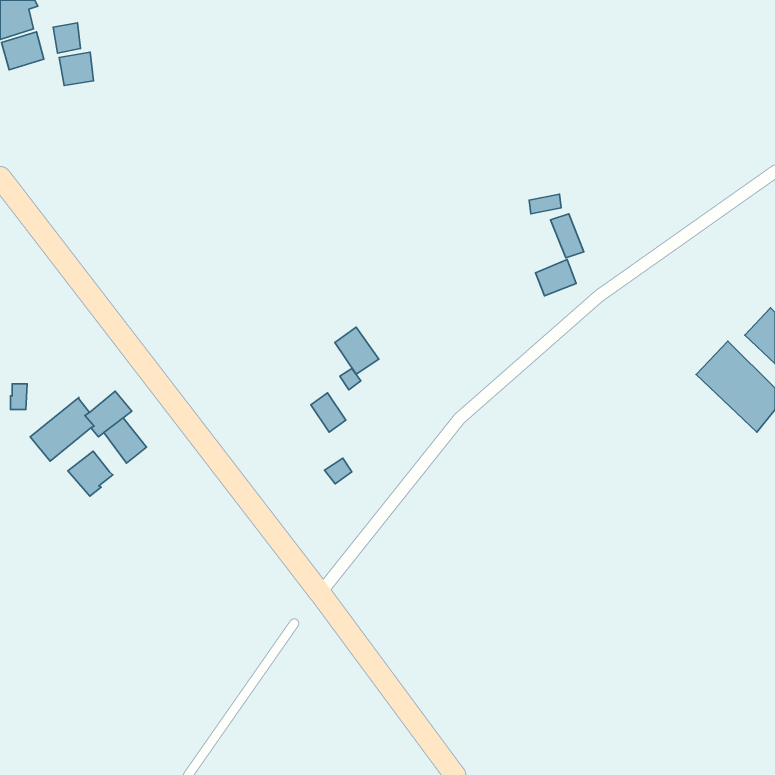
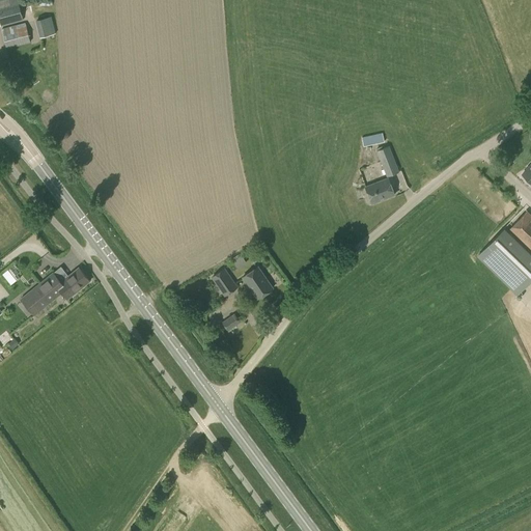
building: [59,52,93,86] -> none
building: [335,327,379,374] -> [243,267,273,299]
building: [104,418,146,463] -> none
building: [68,451,113,496] -> none

